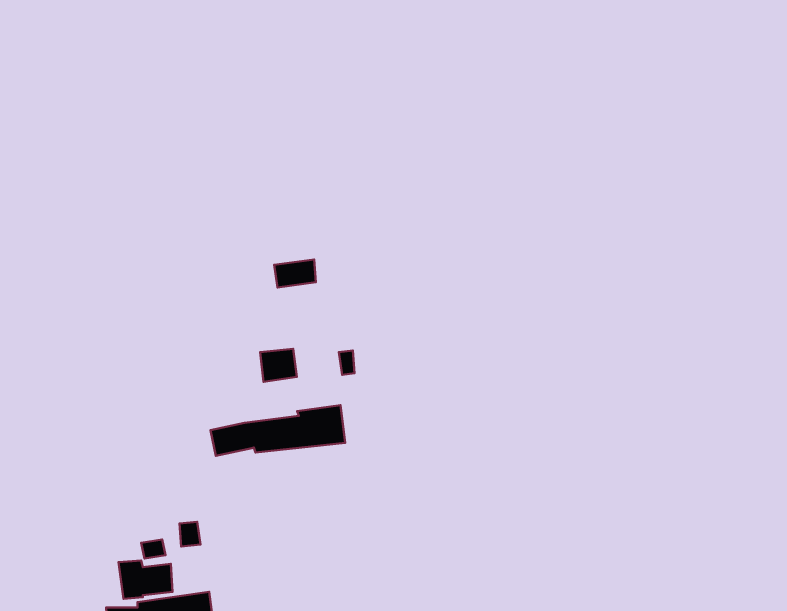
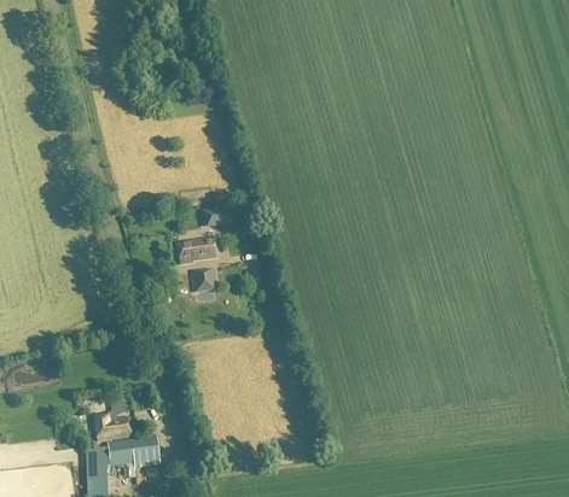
building: none -> [176,239,215,264]
building: [210,405,345,456] -> none

